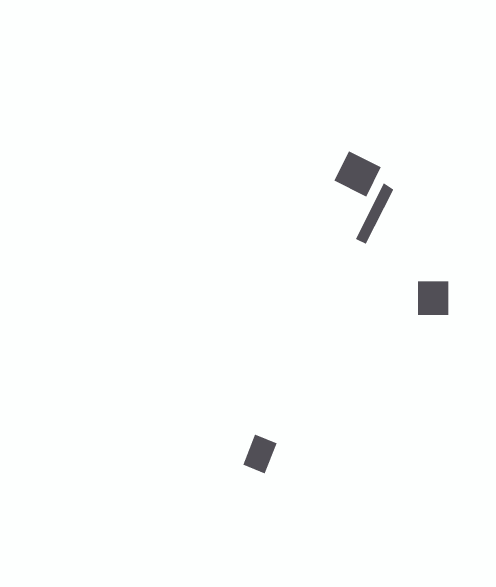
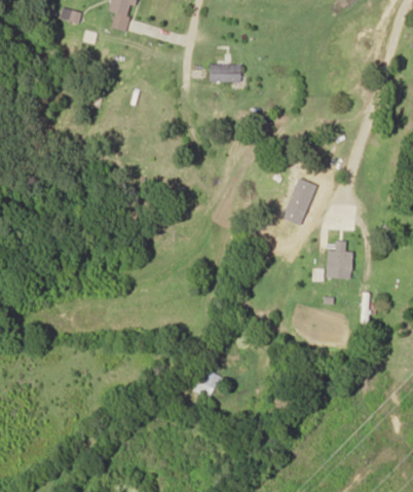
building: none -> [210,65,241,83]
building: [333,150,382,197] -> none

